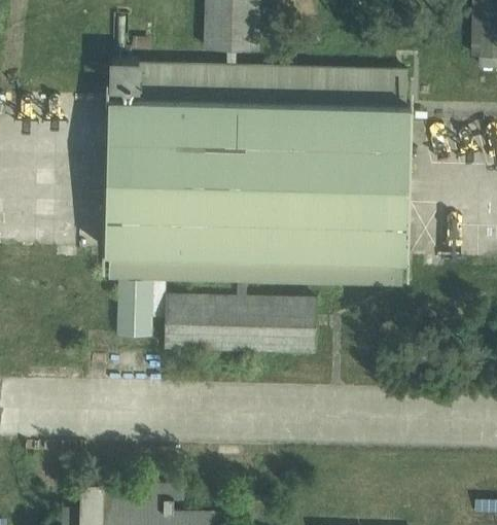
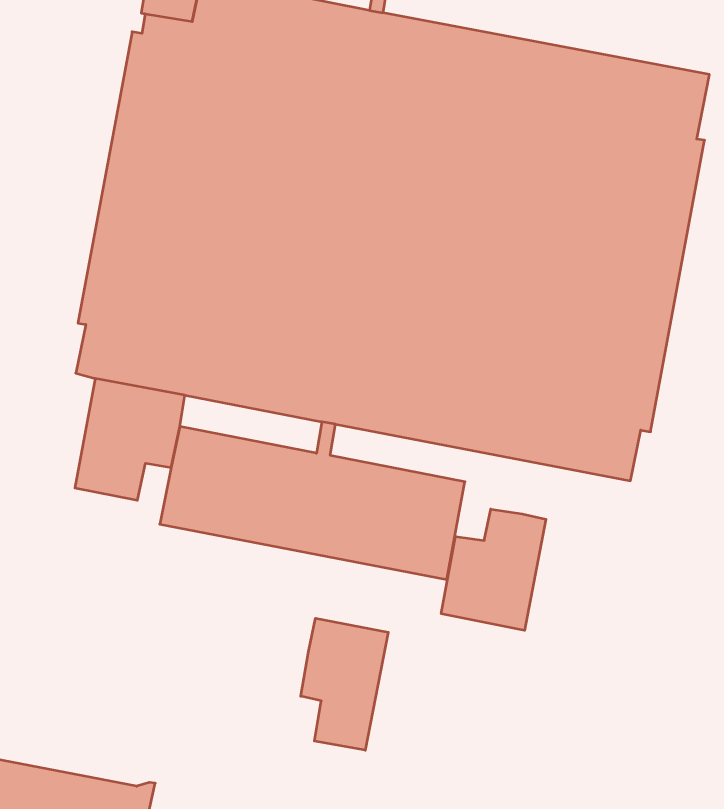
building: none -> [441,509,546,630]
building: none -> [301,618,388,750]

